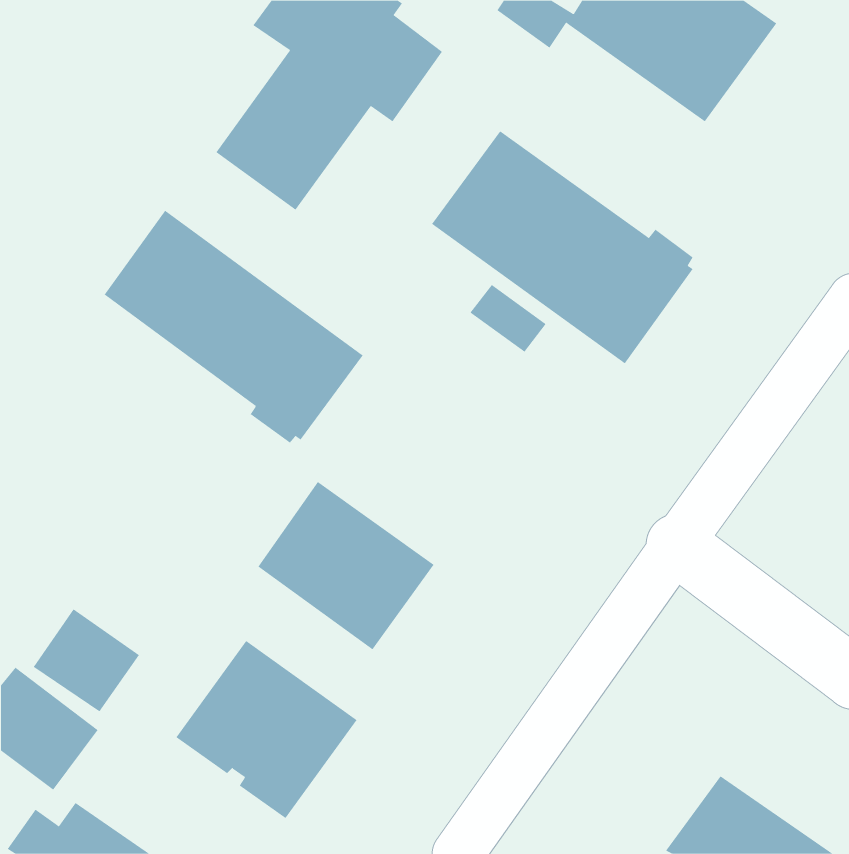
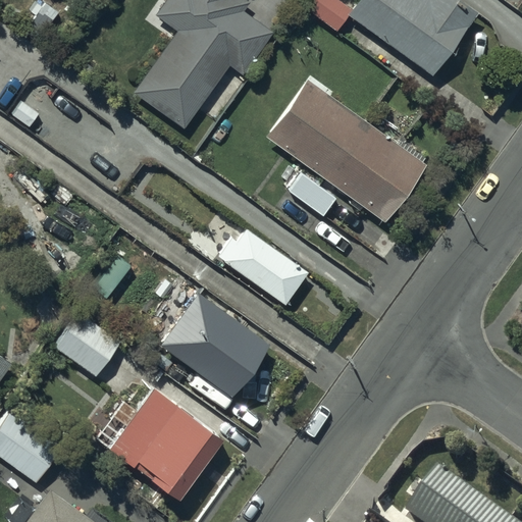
building: [104,210,364,443] -> none
building: none -> [218,227,308,304]
building: [33,608,140,712] -> [56,312,121,375]

